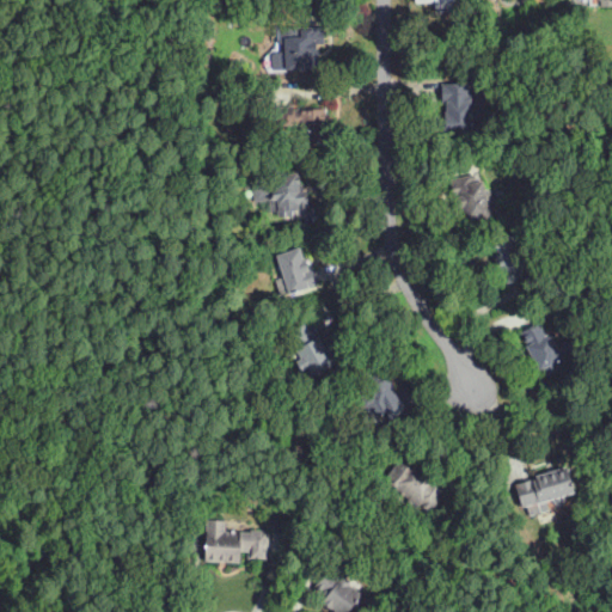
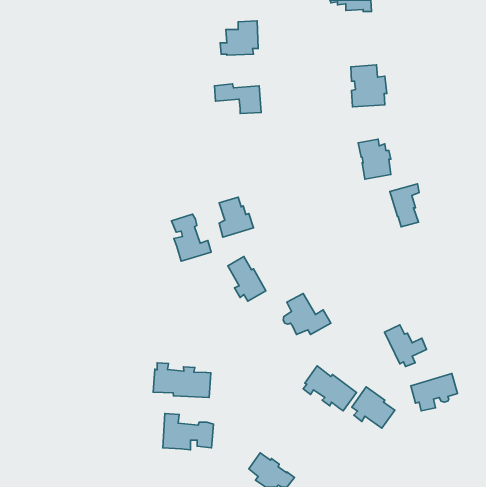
building: [252,173,310,218] -> none
building: none -> [172,214,211,261]
building: [520,323,573,375] -> [385,325,426,367]
building: none -> [153,363,211,398]
building: none -> [352,387,395,428]

